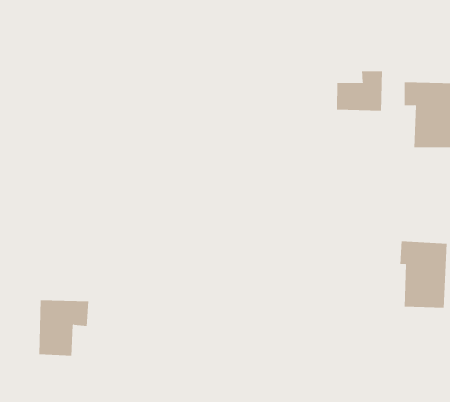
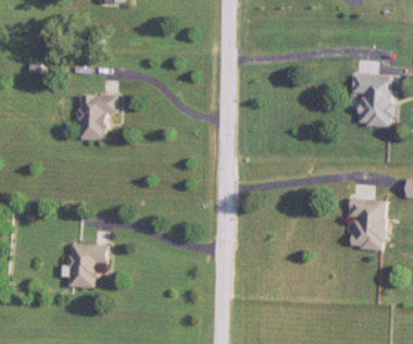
building: [337,70,382,111] -> none
building: none -> [78,96,116,139]

